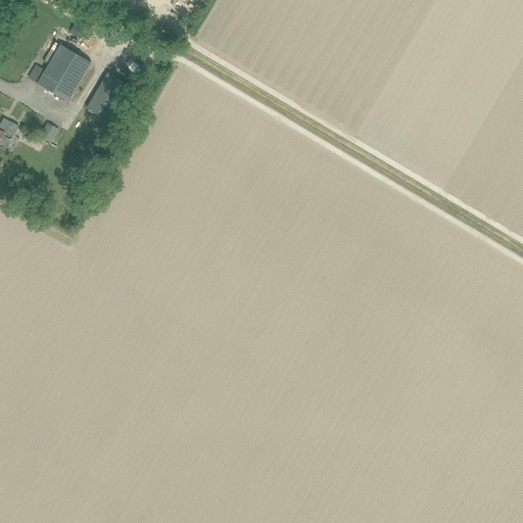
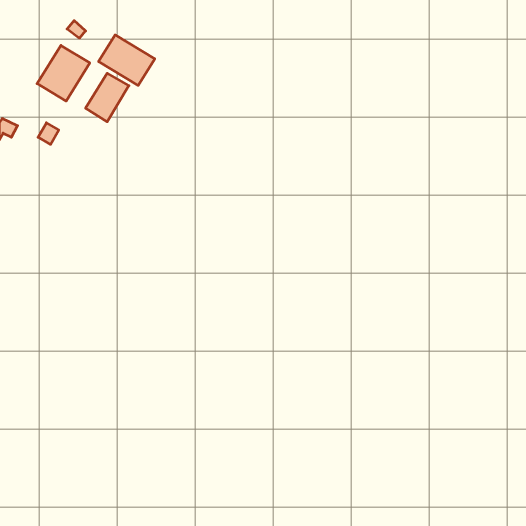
building: none -> [99,35,155,85]

